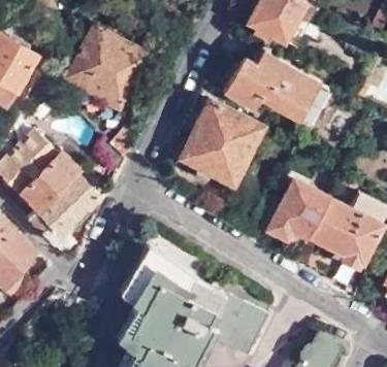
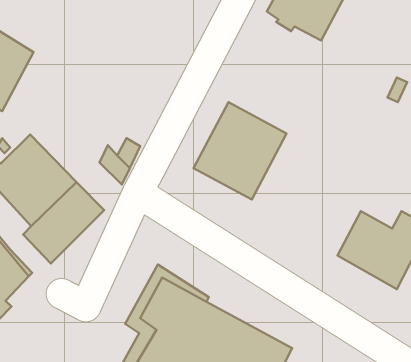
building: [64,26,149,109] -> none
building: [221,42,327,125] -> none
building: [267,186,329,261] -> none

